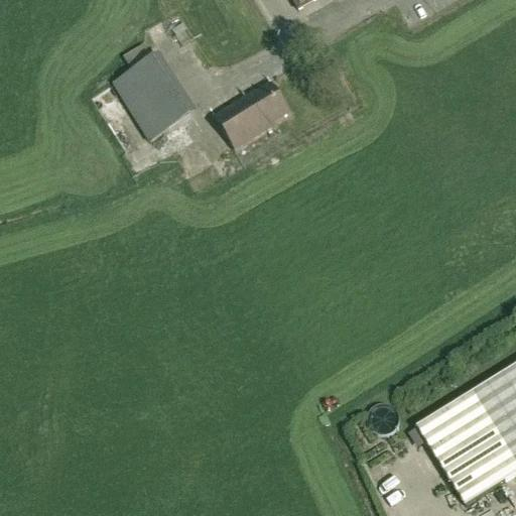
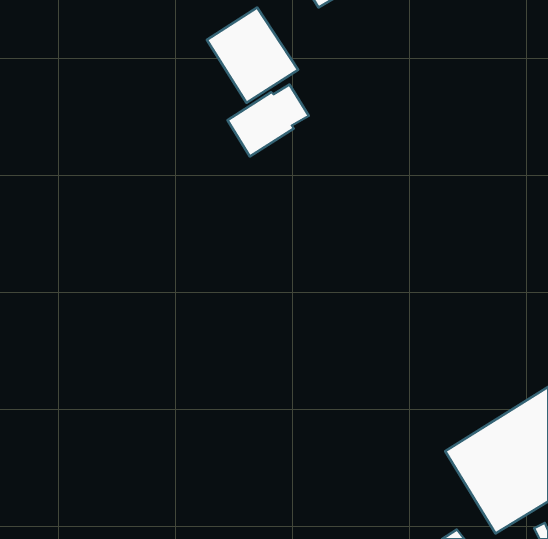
building: [112,49,198,139] -> [207,8,298,103]

